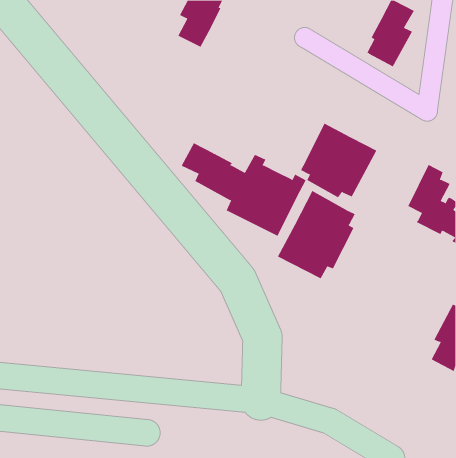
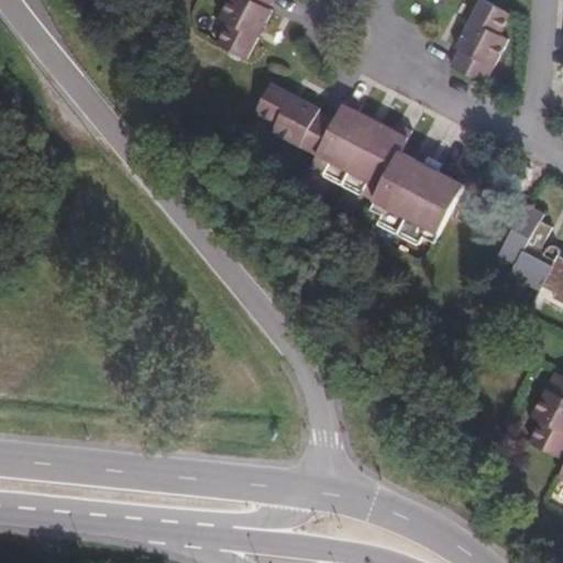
building: [181,143,306,237] -> [255,84,409,199]
building: [277,190,355,279] -> none

